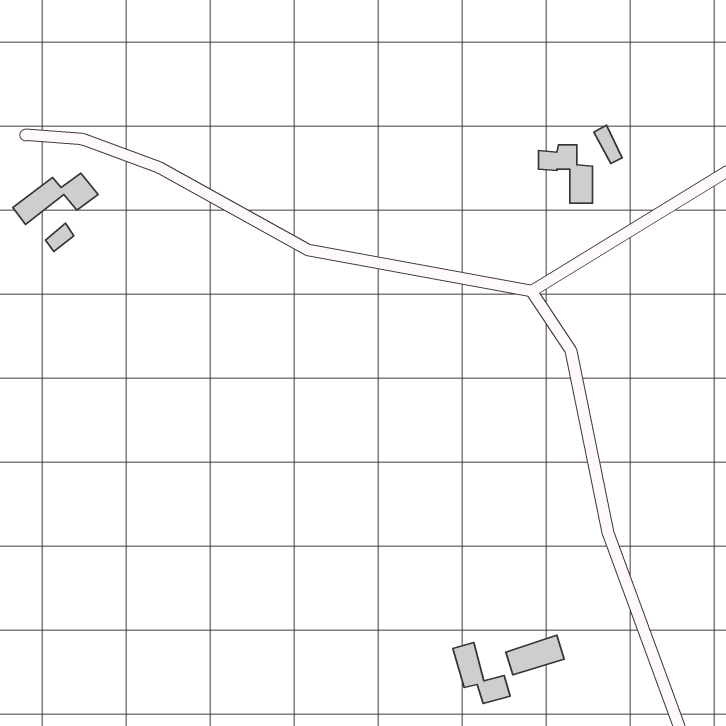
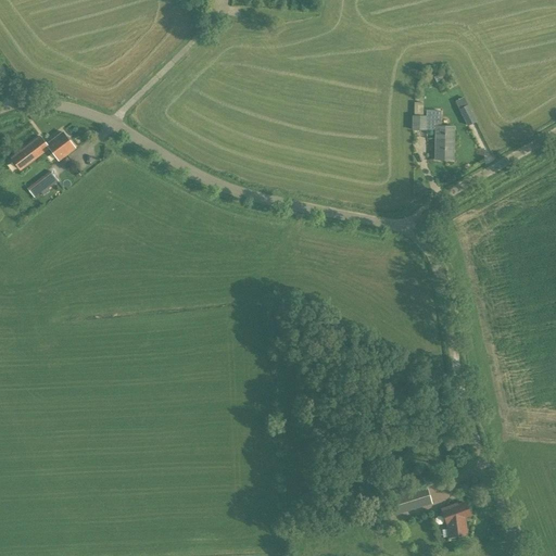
building: [453,642,510,704] -> none
building: none -> [442,503,469,538]

